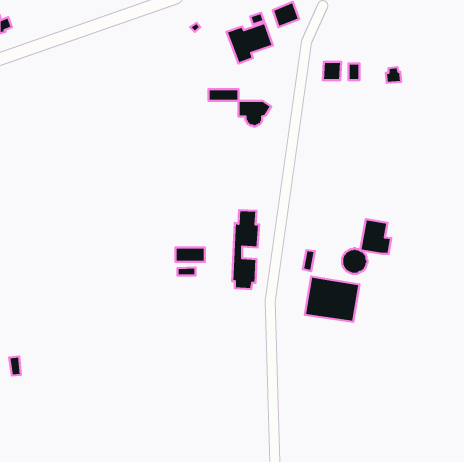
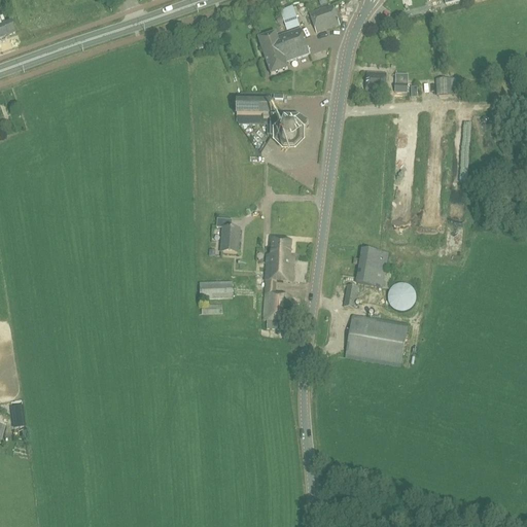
building: none -> [215,216,239,251]
building: [360,219,391,254] -> [356,247,391,286]

